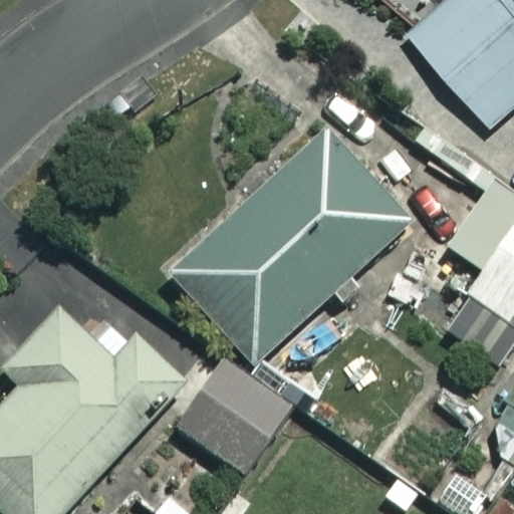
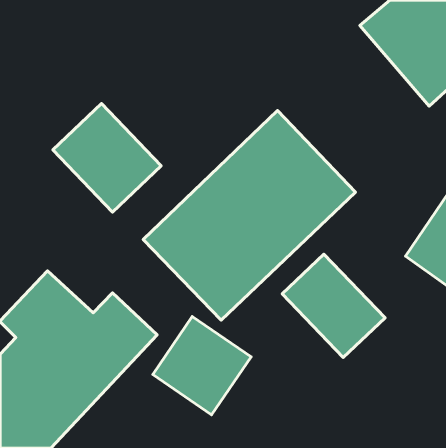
building: none -> [53,104,161,212]
building: none -> [282,254,385,357]

